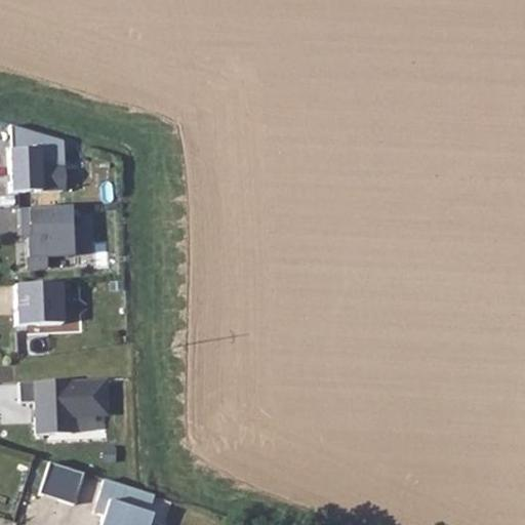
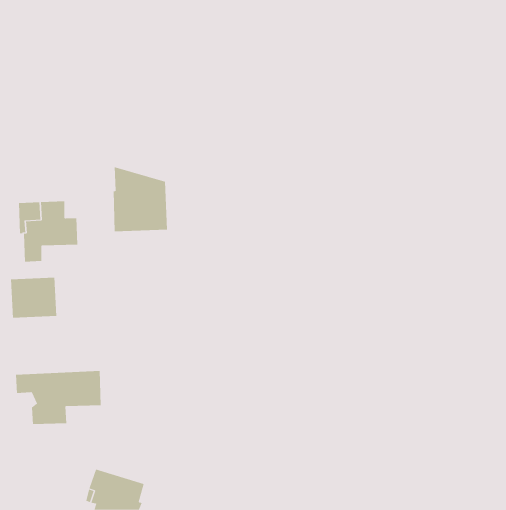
building: [12,125,69,192] -> [113,167,168,232]
building: [41,461,85,502] -> none

